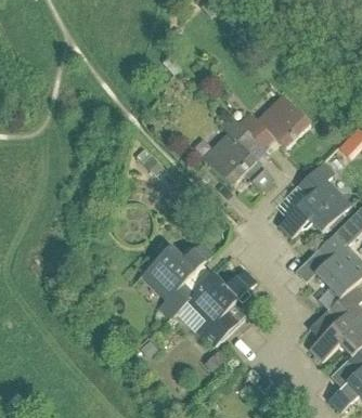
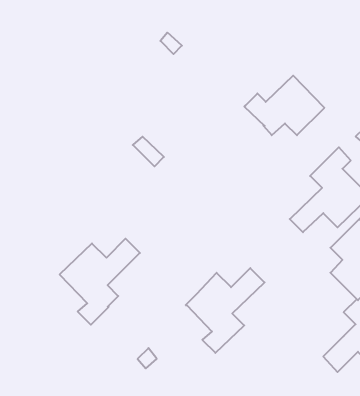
building: [202,113,273,192] -> none
building: [141,240,214,318] -> [60,239,140,325]

